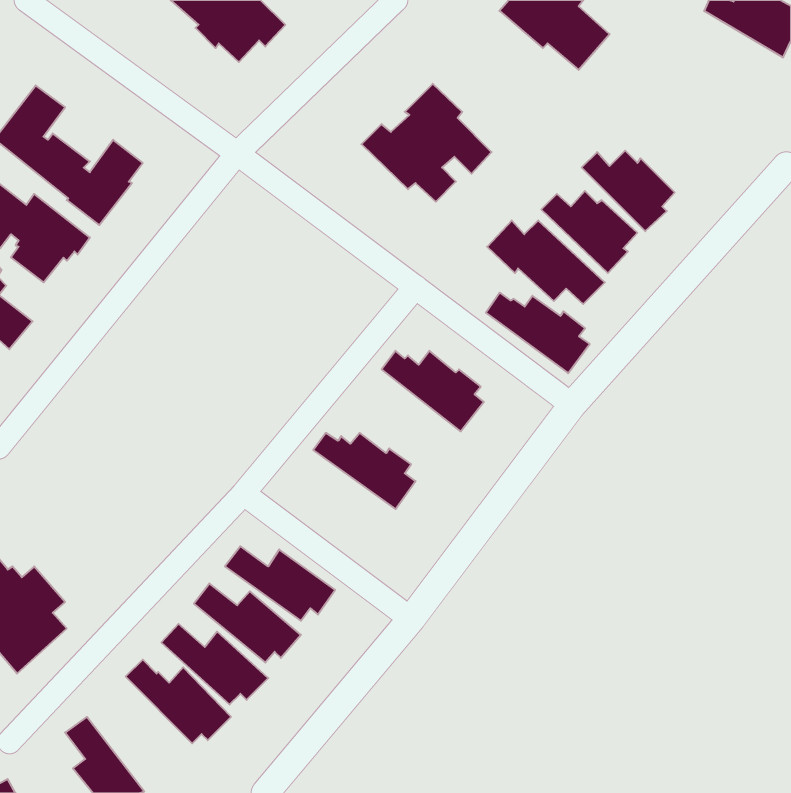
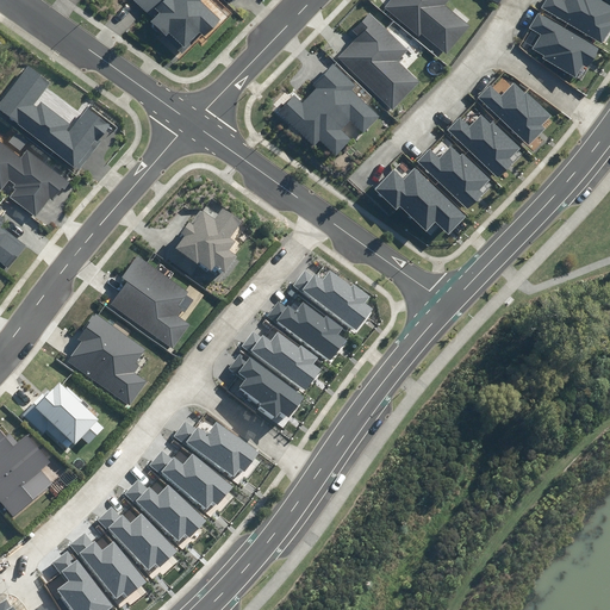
building: none -> [337,13,418,110]
building: none -> [529,13,598,77]
building: none -> [475,83,549,145]
building: none -> [175,207,241,273]
building: [486,293,590,373] -> [266,300,346,362]
building: none -> [110,255,193,348]
building: none -> [67,315,147,406]
building: none -> [229,353,303,417]
building: none -> [23,381,102,448]
building: none -> [69,533,147,598]

